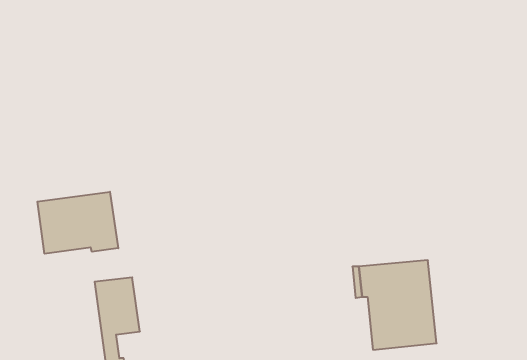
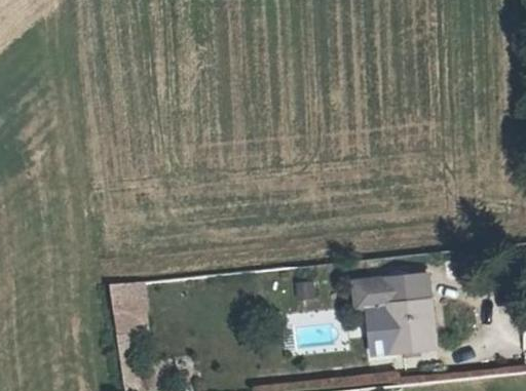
building: [37,192,118,254] -> none

